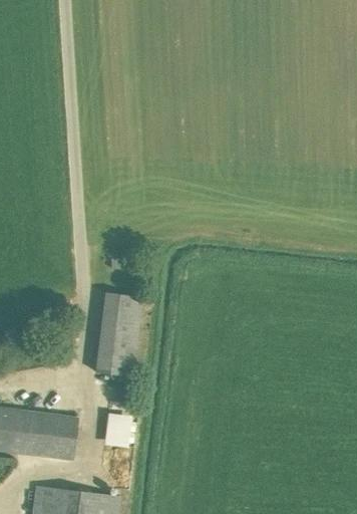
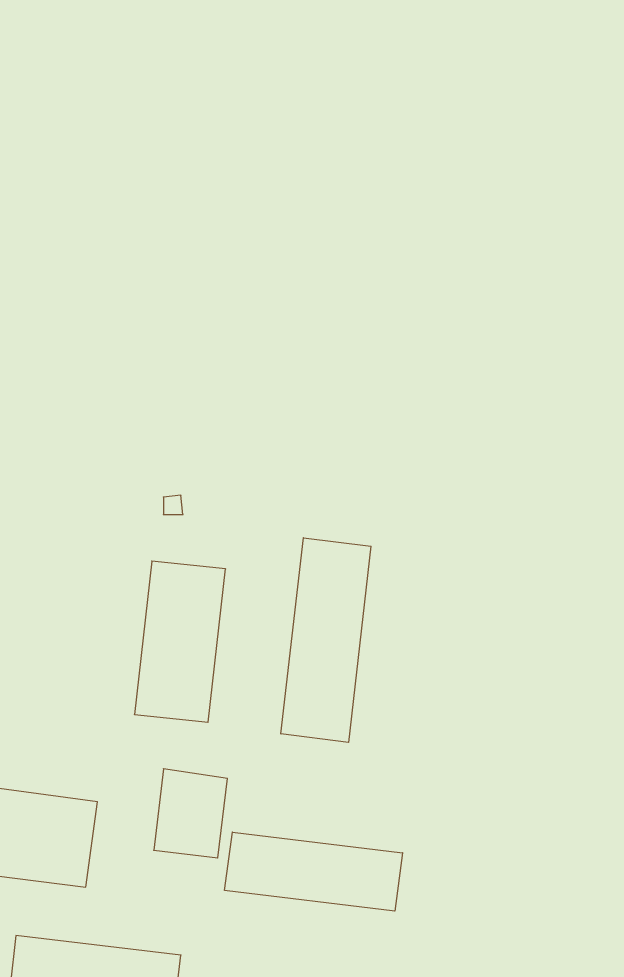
building: none -> [281,538,371,742]
building: none -> [225,832,403,911]

